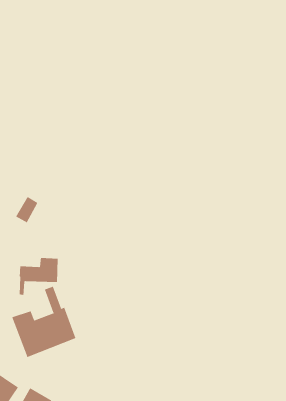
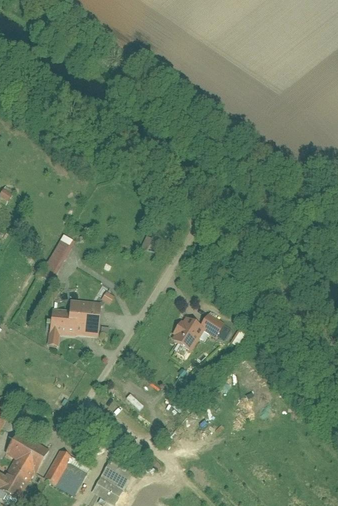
building: none -> [168,318,221,355]
building: [12,286,76,358] -> none

